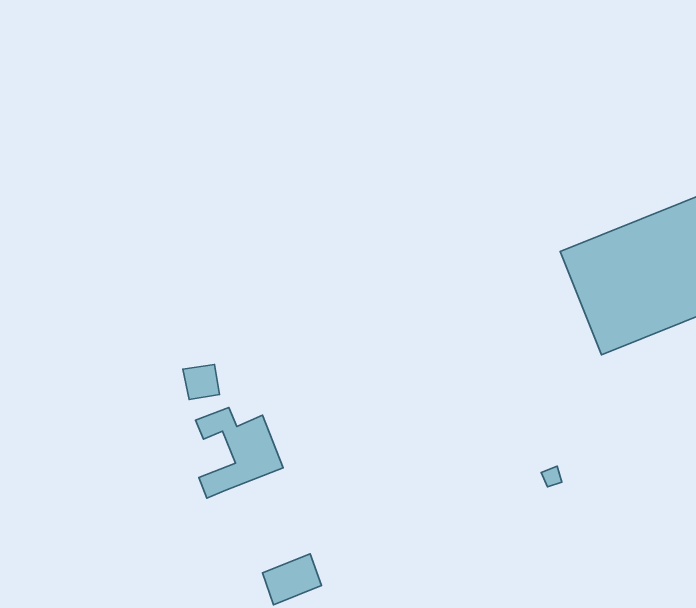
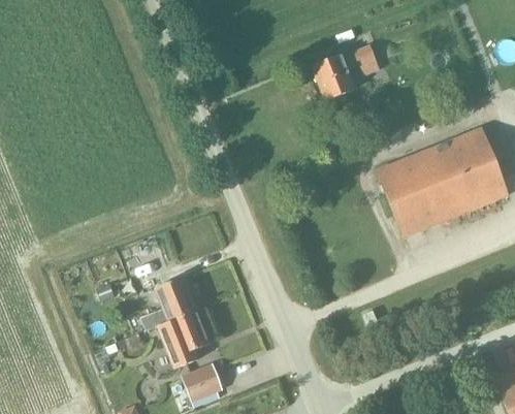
building: none -> [312,43,376,100]
building: none -> [159,311,210,369]

